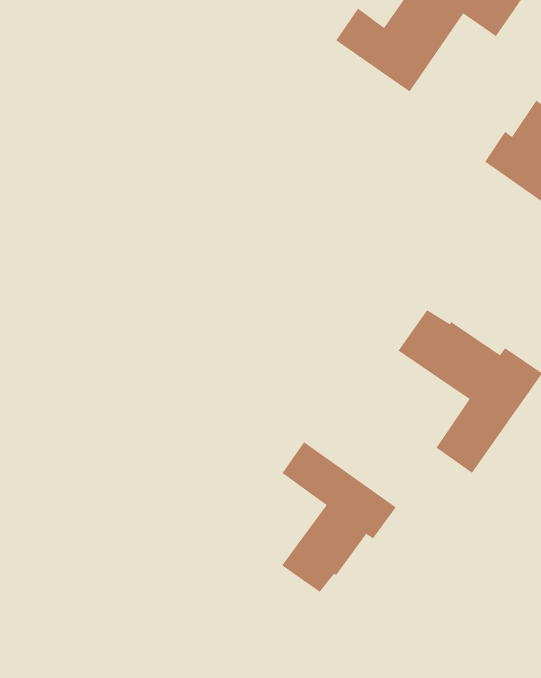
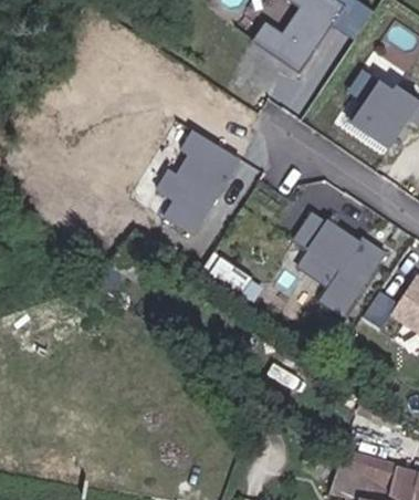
building: none -> [153,128,239,235]
building: [281,441,397,593] -> none

